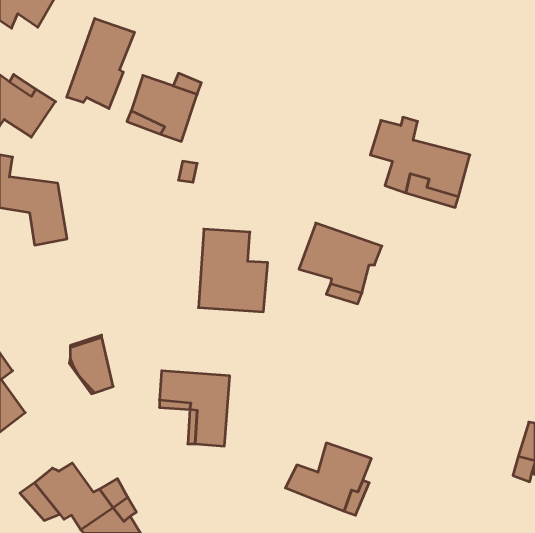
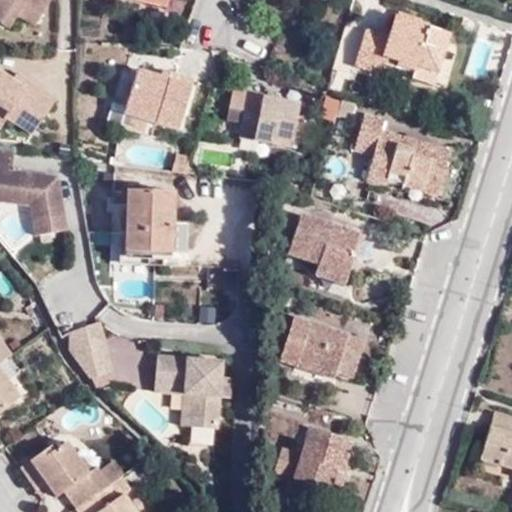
building: none -> [352,15,447,83]
building: [67,18,134,109] -> none
building: none -> [225,89,308,145]
building: [198,229,268,312] -> [121,191,187,270]
building: none -> [283,316,369,374]

